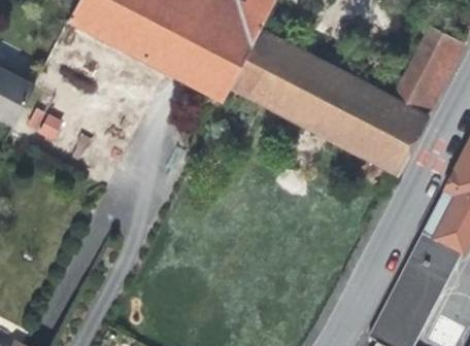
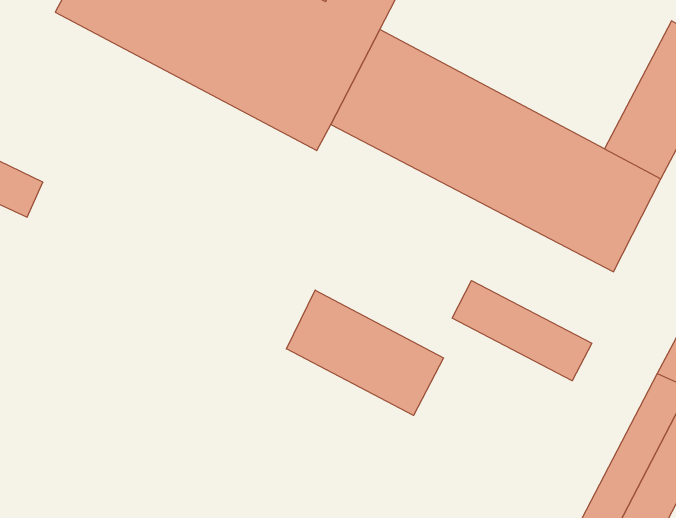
building: none -> [452,281,592,381]
building: none -> [286,290,444,415]

